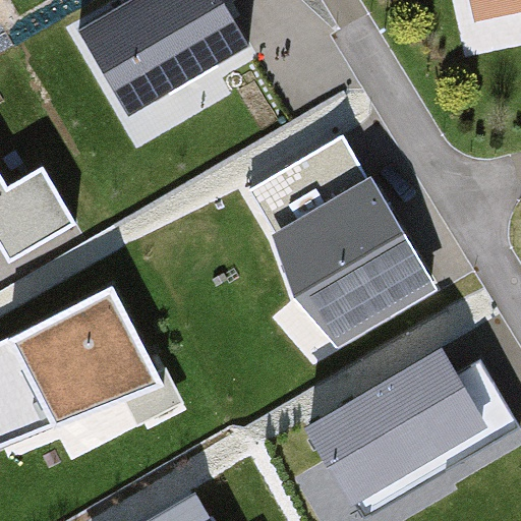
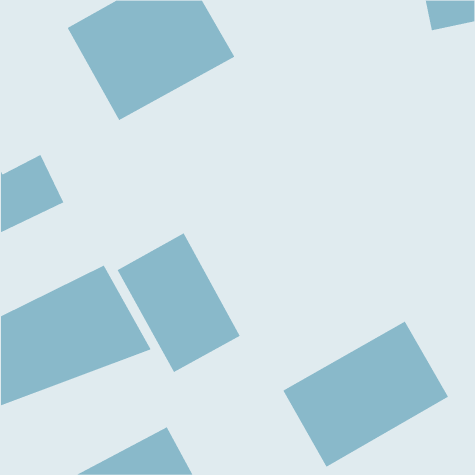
building: [248,138,422,340] -> none
building: none -> [117,233,240,373]

